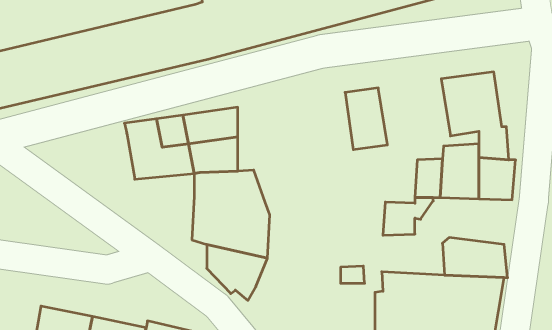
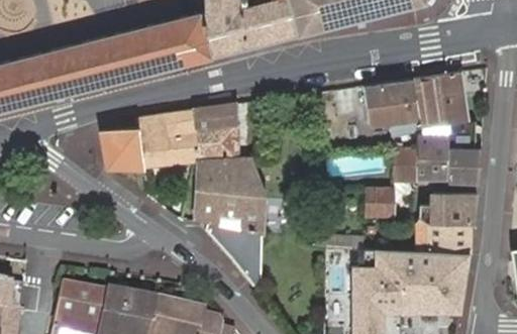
building: none -> [365,79,417,137]
building: none -> [101,127,145,169]
building: none -> [422,194,478,225]

